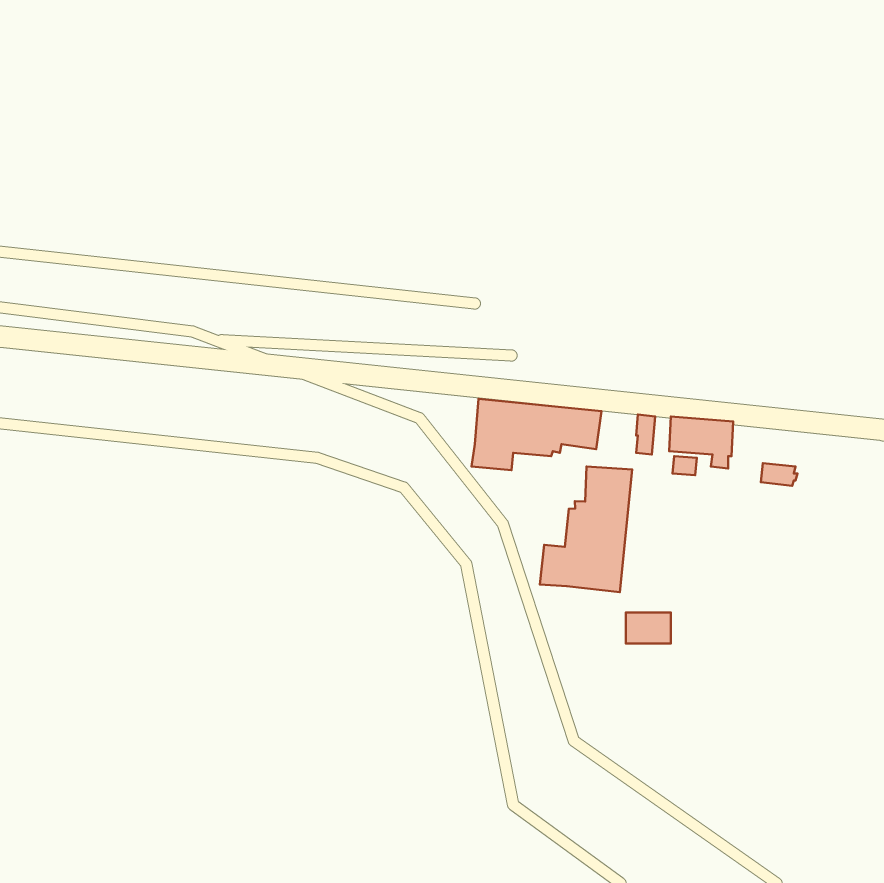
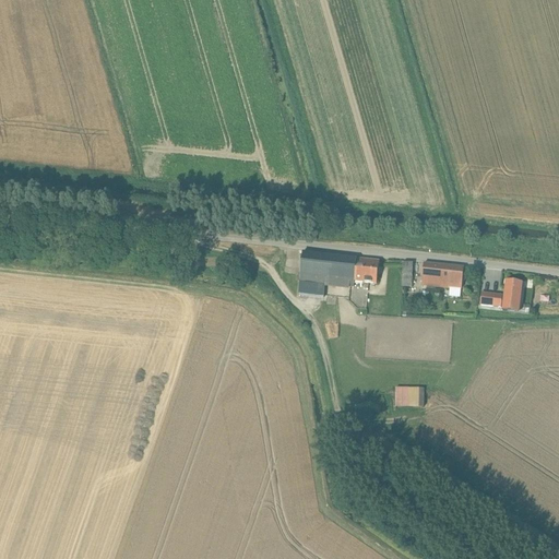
building: none -> [501,278,522,311]
building: [540,466,632,592] -> none

